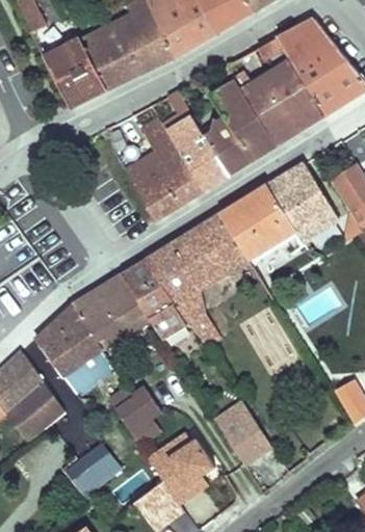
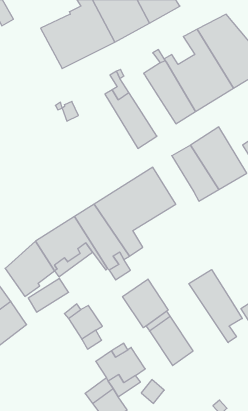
building: [43,37,107,107] -> none
building: [123,121,203,219] -> none
building: [201,123,251,174] -> none
building: [221,198,273,260] -> none
building: none -> [189,270,242,343]
building: none -> [123,279,168,328]
building: [63,445,120,498] -> none

